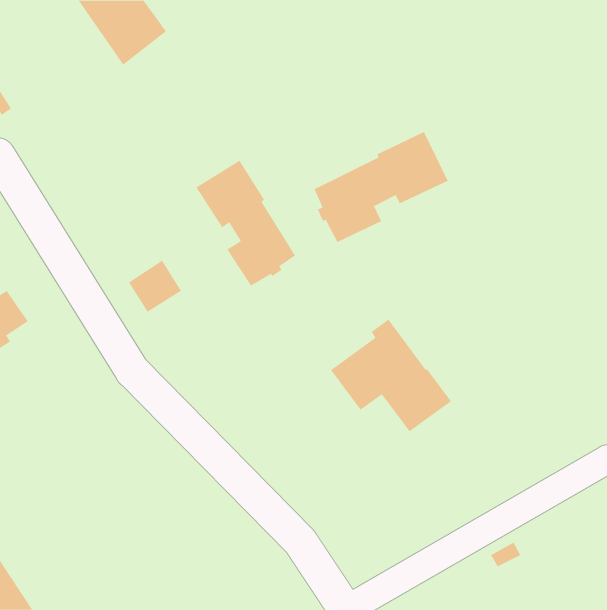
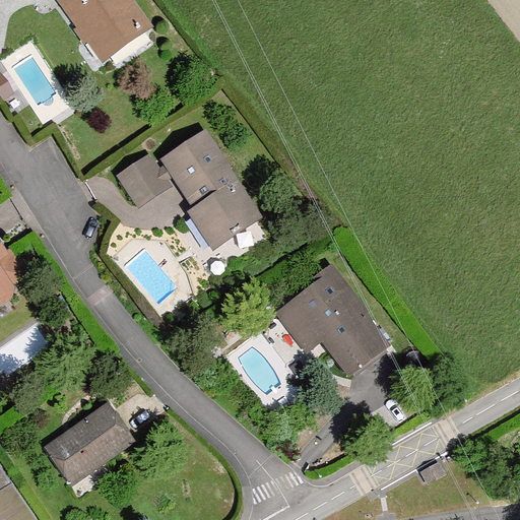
building: [314,131,449,243] -> none
building: [128,260,182,312] -> [120,158,166,203]
building: none -> [48,409,127,481]

